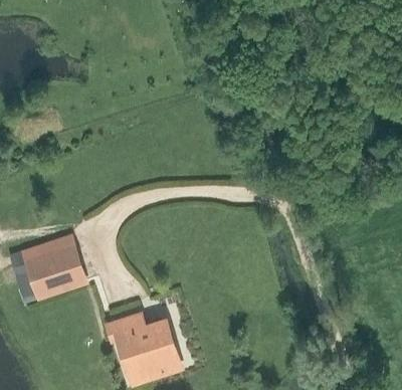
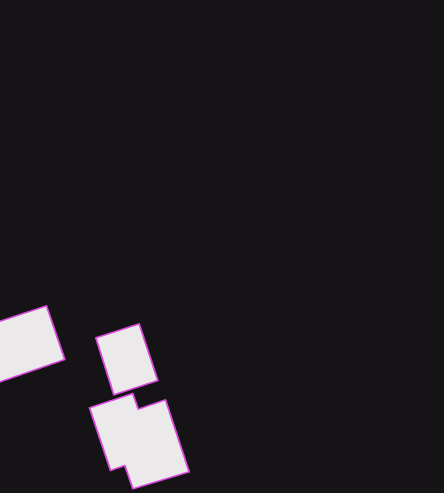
building: none -> [96,324,158,395]

